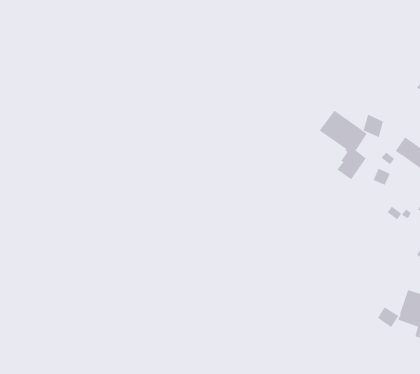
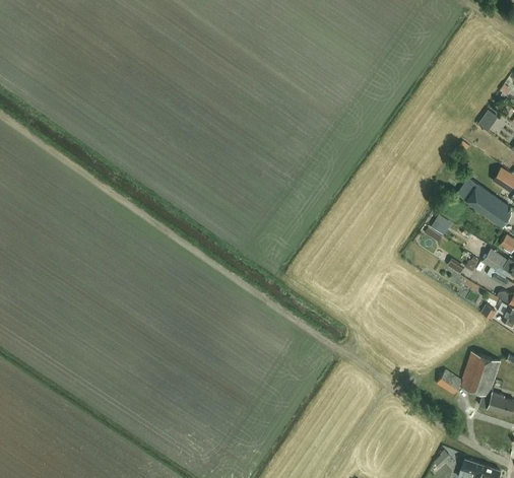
building: [319,110,383,180] -> none

